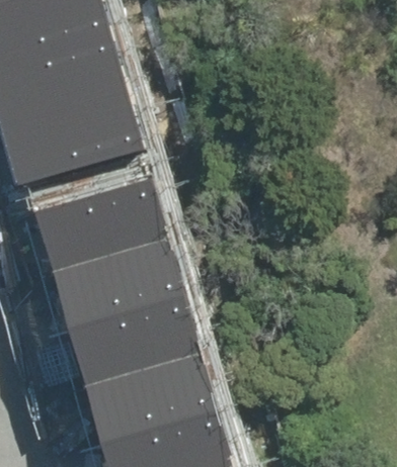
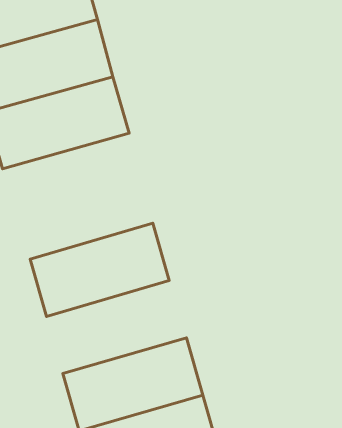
building: [33,180,172,272] -> none
building: [67,293,206,385] -> none

